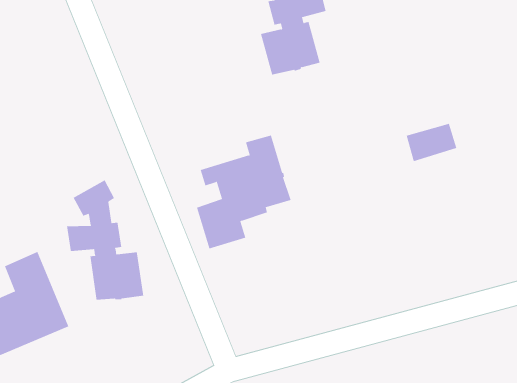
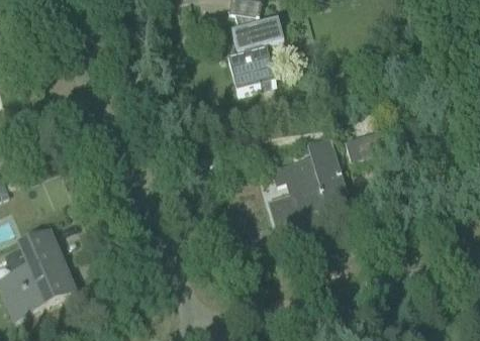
building: [196,135,292,249] -> [270,142,347,234]
building: [67,179,144,301] -> none

